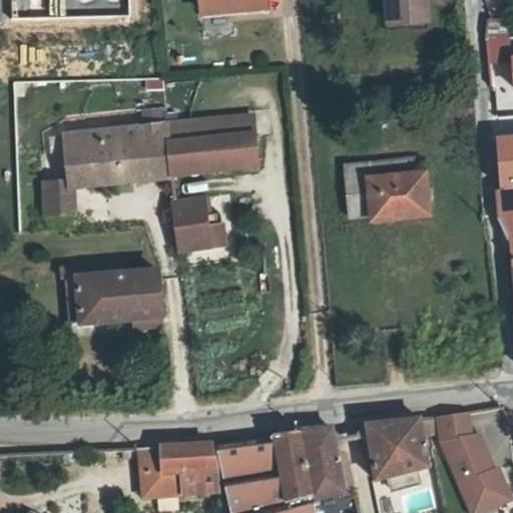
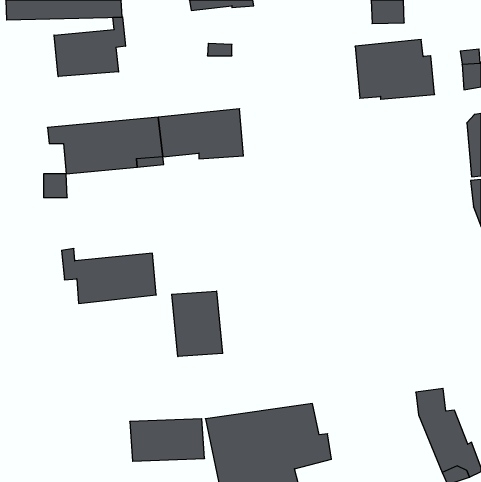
building: none -> [54,17,125,77]
building: [347,156,431,219] -> [355,40,435,99]
building: [175,195,224,248] -> none
building: none -> [172,291,223,357]
building: [368,420,430,491] -> none

